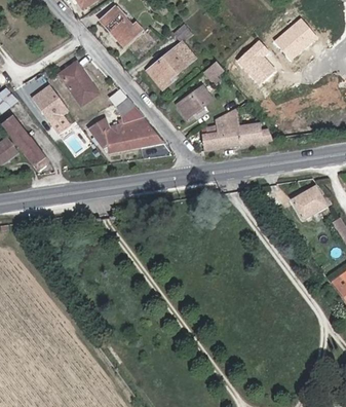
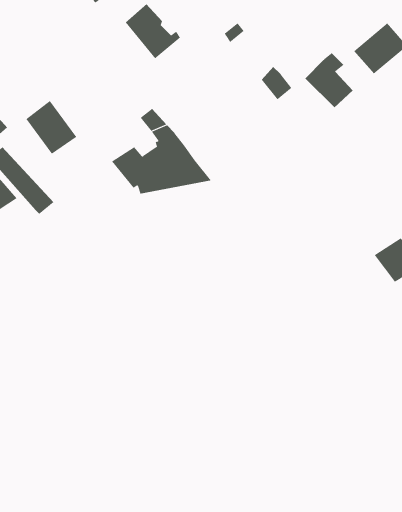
building: [146,43,193,91] -> none
building: [63,58,101,101] -> none
building: [172,82,208,119] -> none
building: [203,113,273,148] -> none

